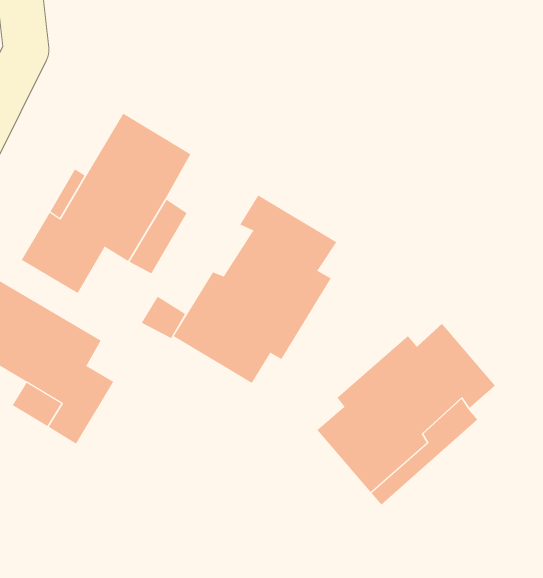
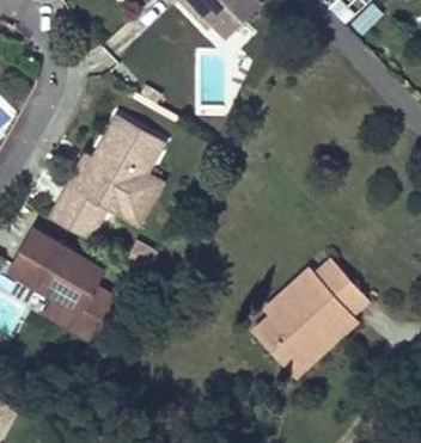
building: [173,194,337,384] -> none

